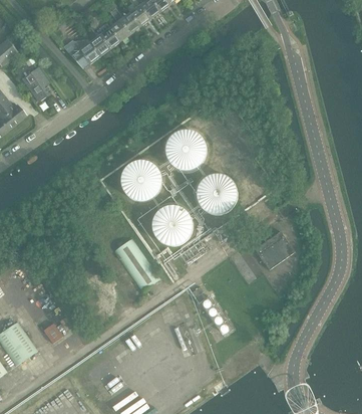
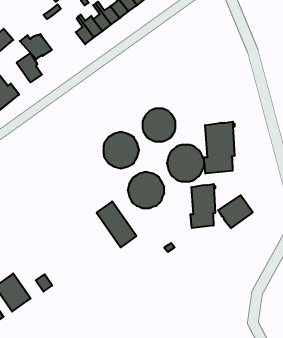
building: [64,38,101,67] -> [20,34,52,59]
building: none -> [204,122,235,174]
building: none -> [191,184,215,228]

